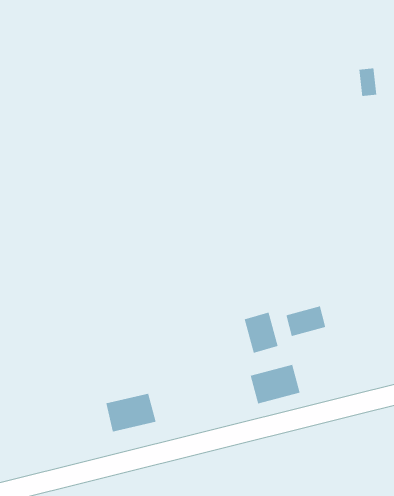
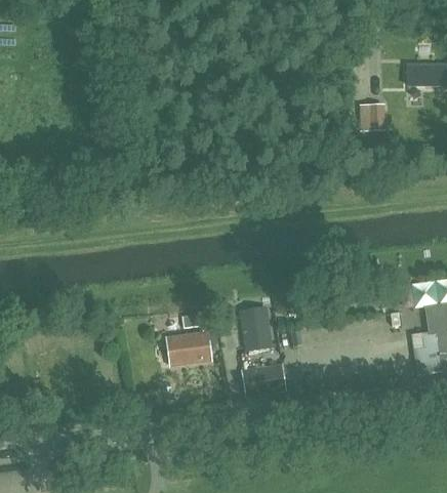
building: [286,305,326,337] -> none
building: [106,393,156,432] -> [166,332,210,364]

